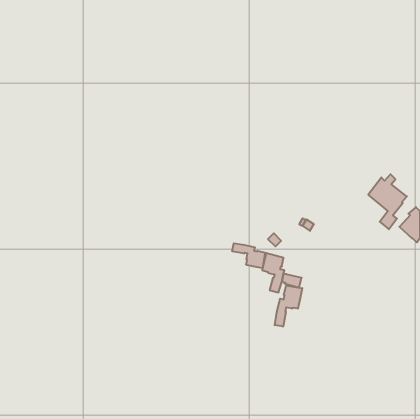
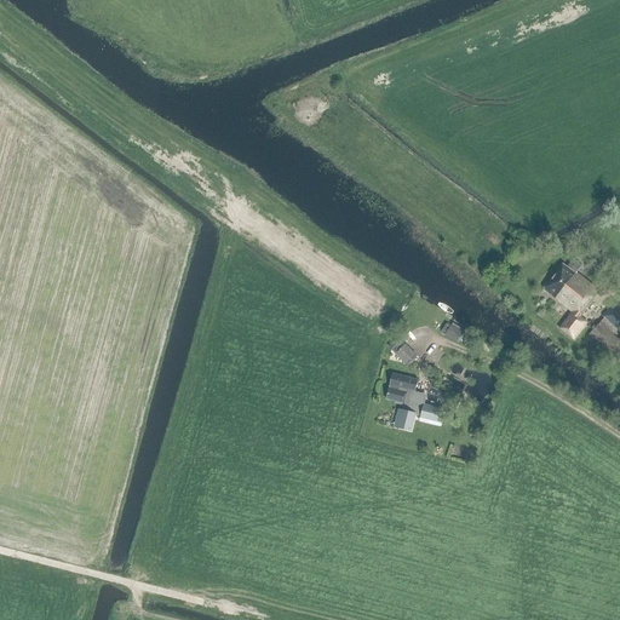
building: [232,243,265,268] -> none
building: [275,286,302,327] -> none

